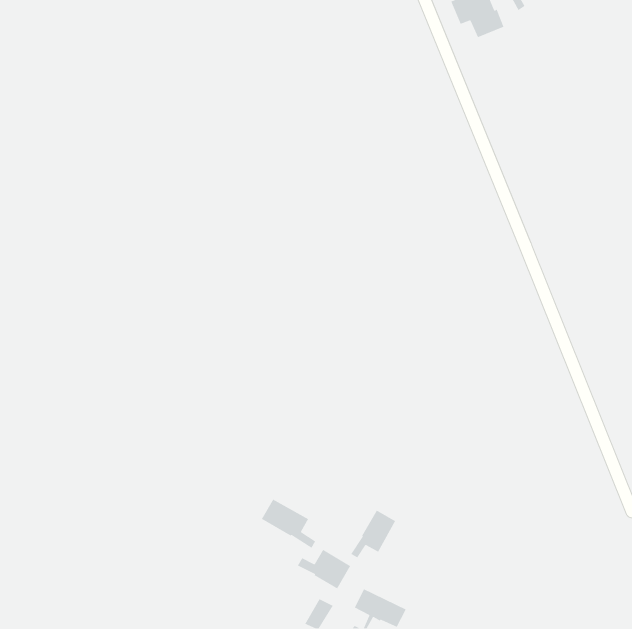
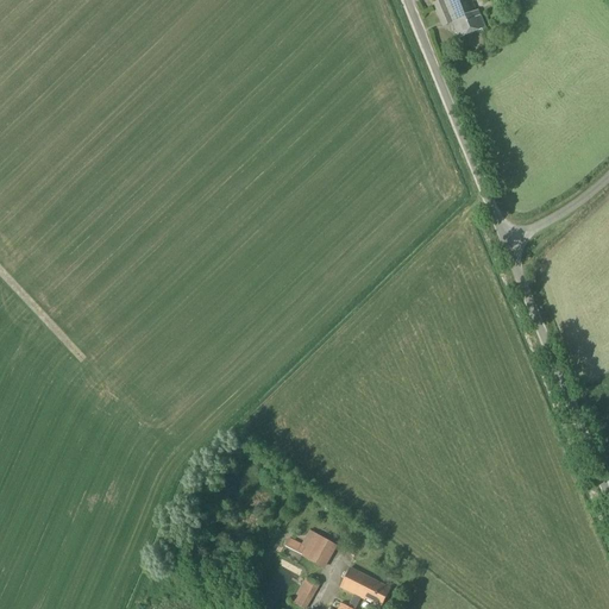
building: [261,499,316,549] -> none
building: [350,509,396,559] -> none

